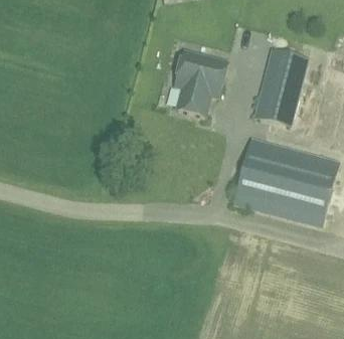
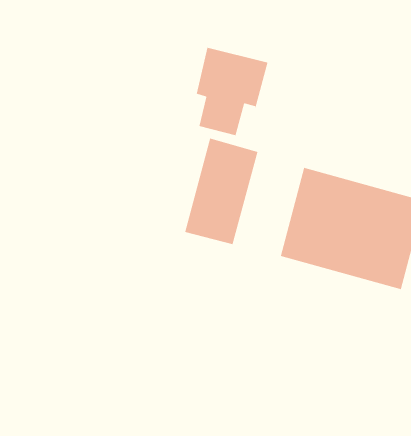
building: [254,49,308,127] -> [184,137,258,245]

